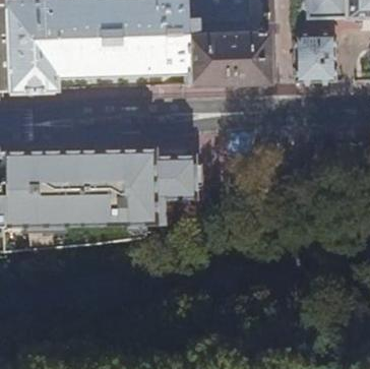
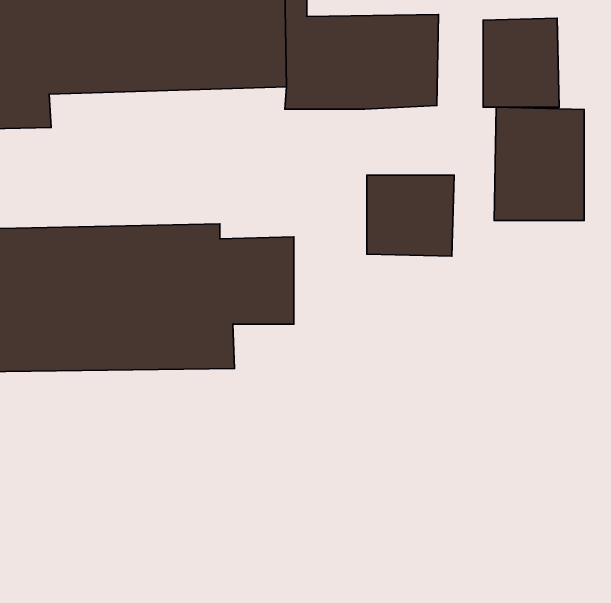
building: none -> [494,107,584,220]
building: none -> [367,175,454,256]

